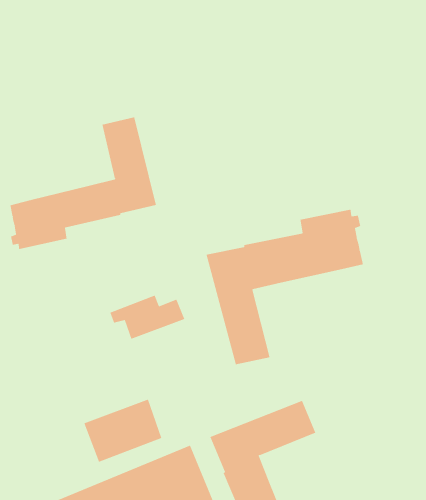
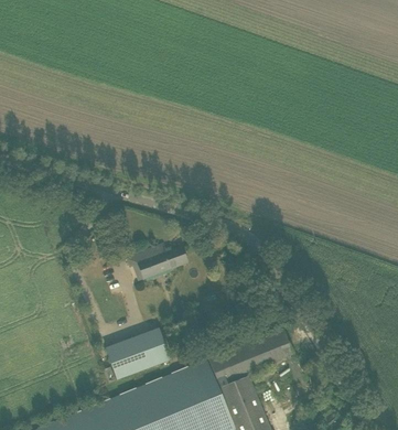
building: [10,116,157,250] -> none
building: [206,209,363,365] -> none

